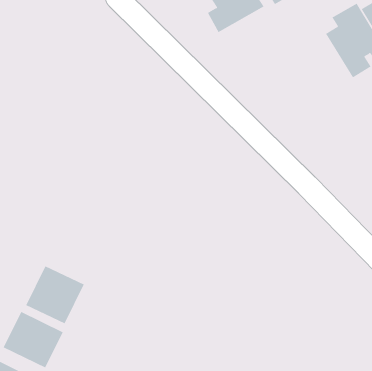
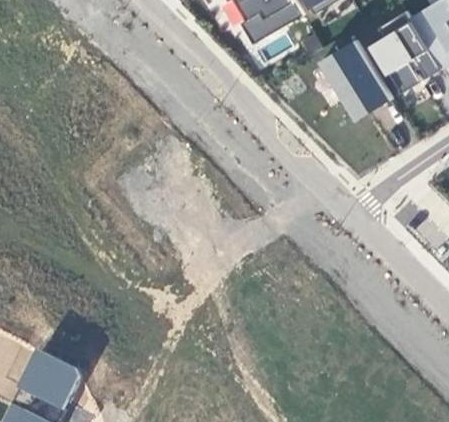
building: none -> [319,40,390,124]
building: [26,265,84,324] -> none

